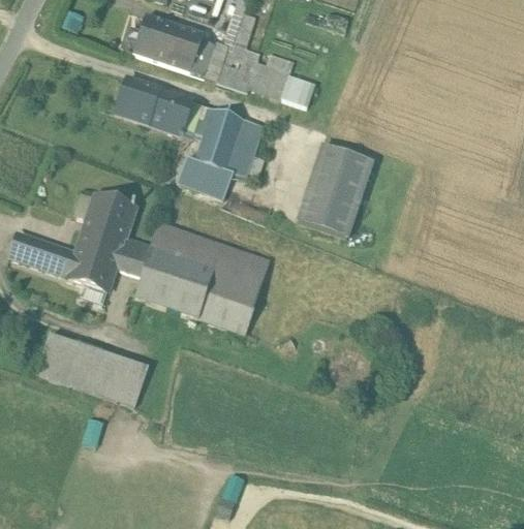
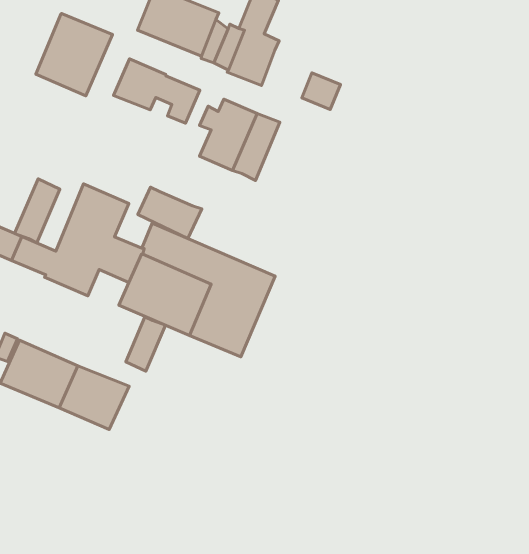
building: none -> [36,13,112,96]
building: [246,53,291,100] -> none
building: [297,144,372,237] -> none
building: [178,156,234,198] -> [138,187,202,238]
building: none -> [14,179,60,243]
building: none -> [126,317,165,371]

